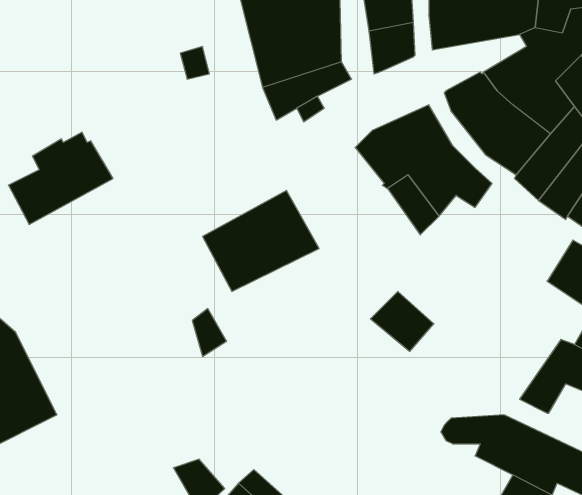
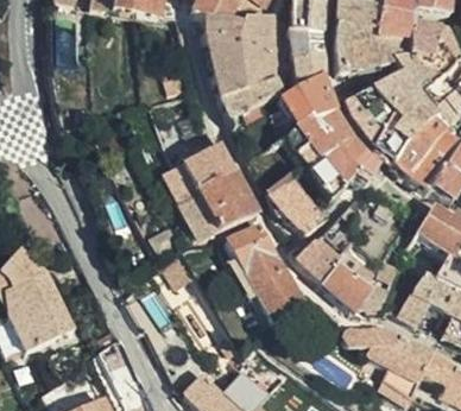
building: none -> [279,78,336,129]
building: [8,132,113,225] -> [164,139,236,203]
building: none -> [266,177,323,234]
building: none -> [226,223,305,325]
building: none -> [321,248,373,314]

